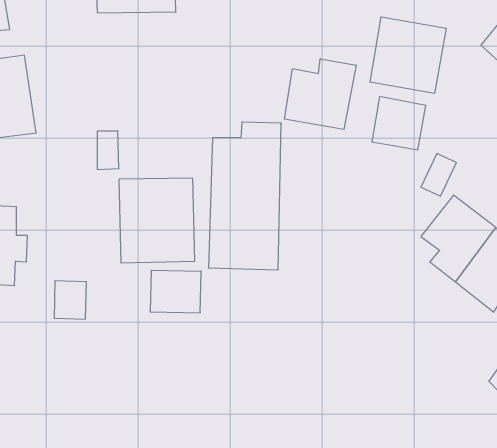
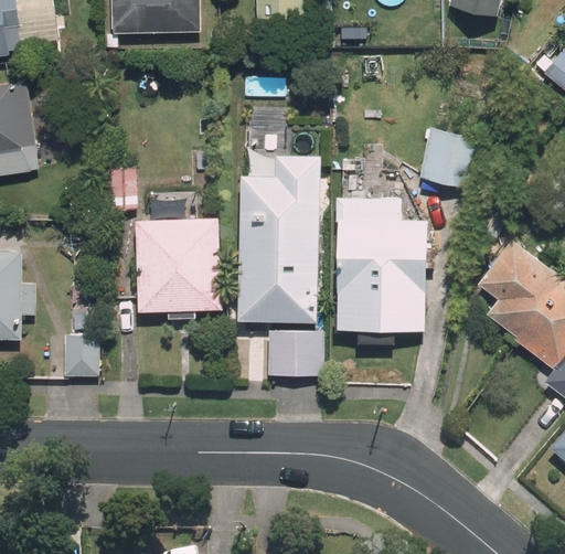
building: [370,17,446,93] -> none
building: [284,59,356,129] -> none
building: none -> [337,196,426,331]
building: [150,270,201,313] -> [267,329,324,376]

